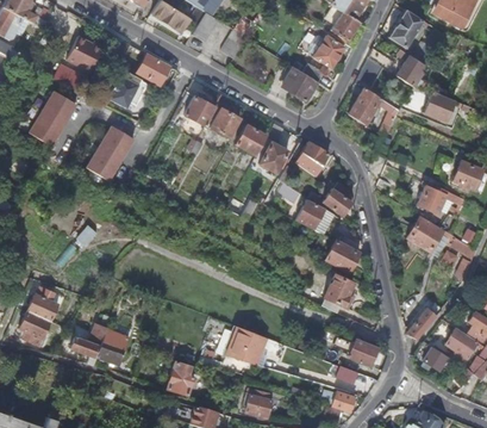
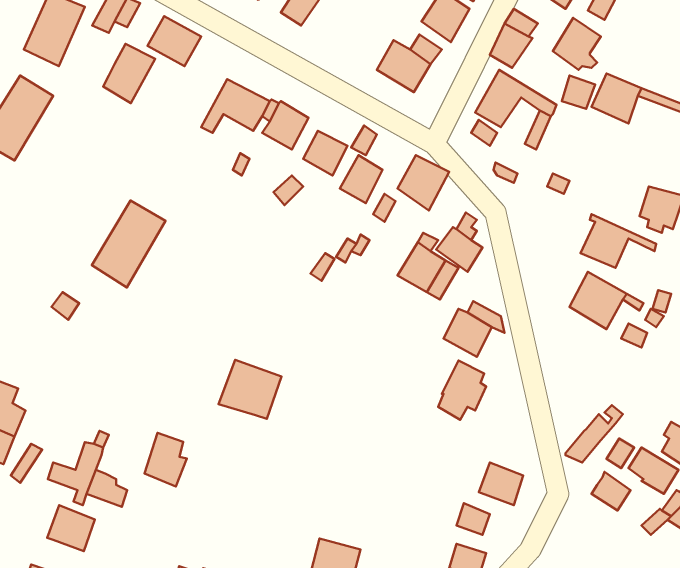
building: [87,125,135,181] -> [92,200,166,287]
building: [226,328,267,366] -> [219,360,282,419]
building: [169,364,196,398] -> [144,433,187,486]
building: none -> [47,505,95,551]

